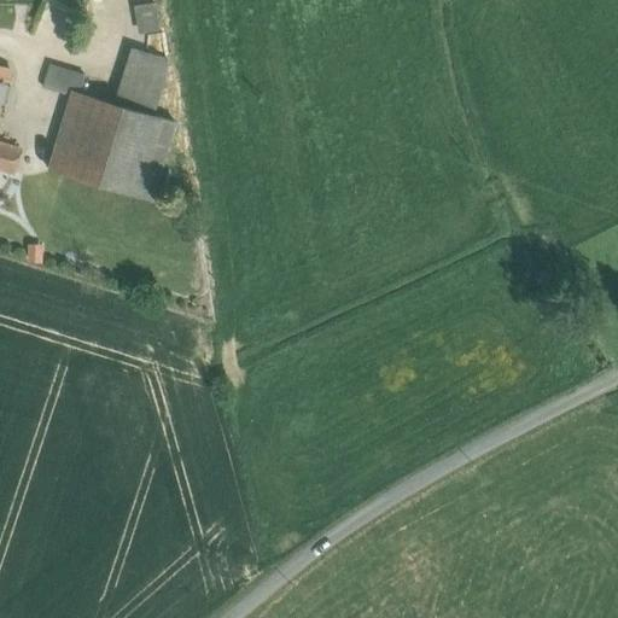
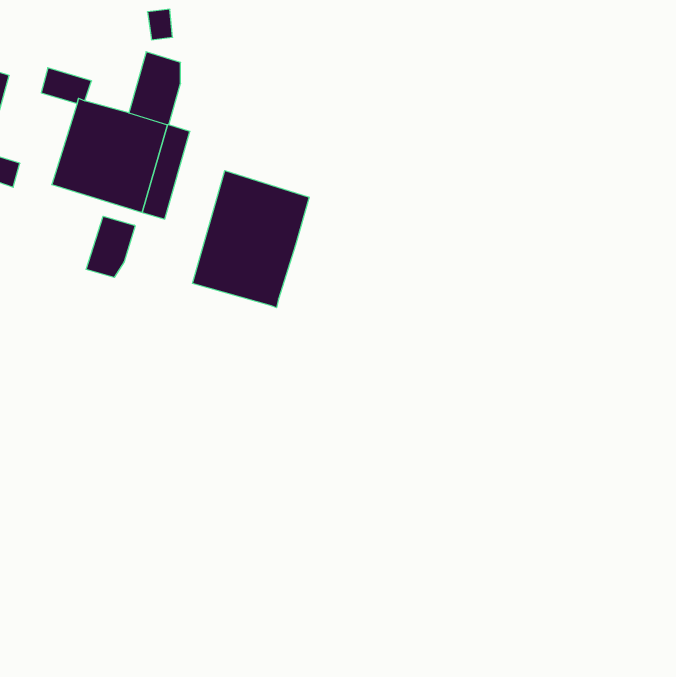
building: none -> [192,171,309,308]
building: none -> [86,216,135,277]

